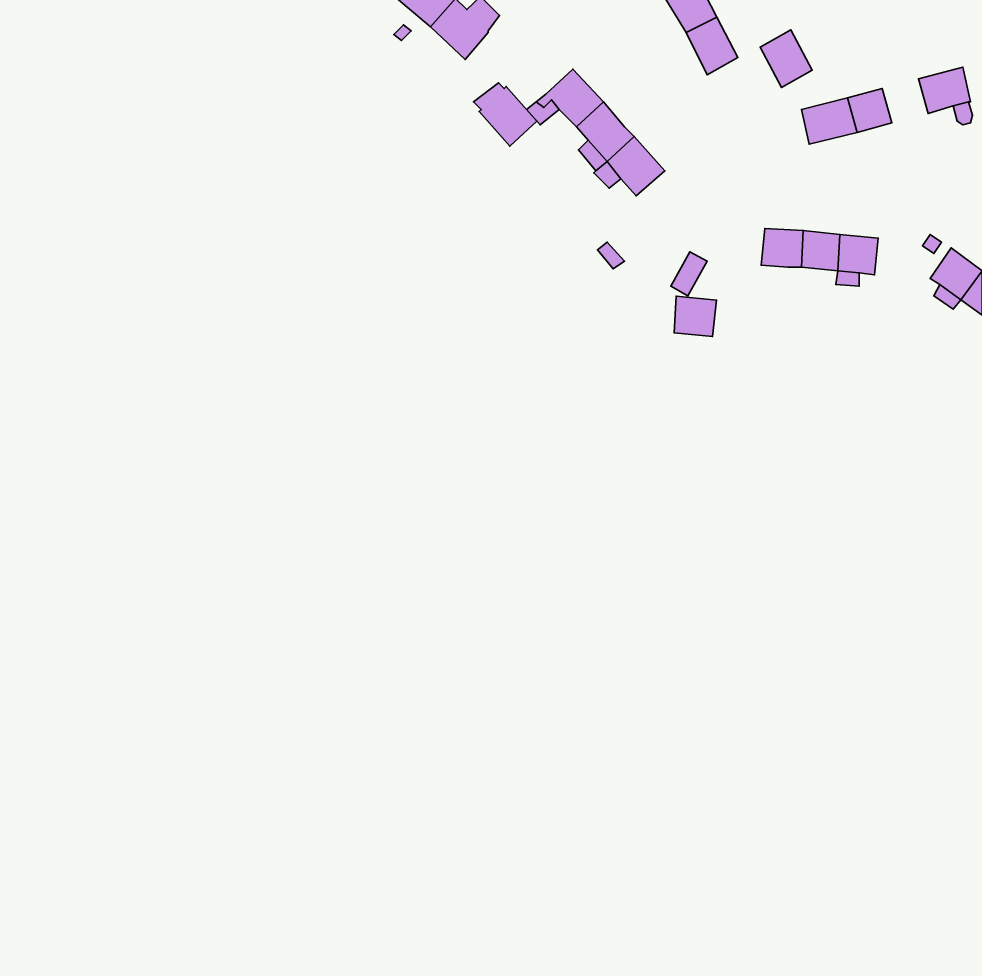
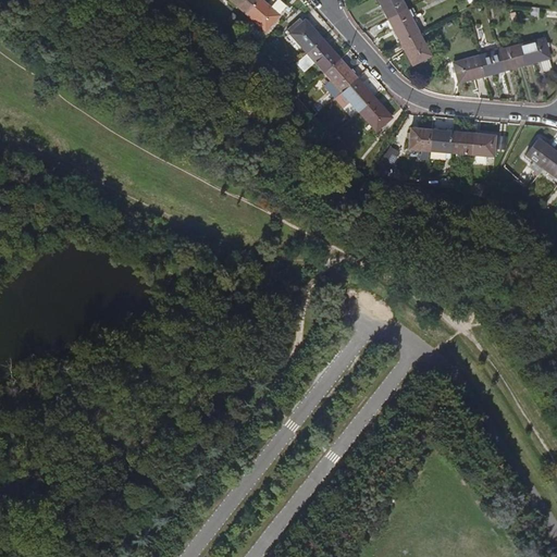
building: [760,30,812,87] -> [400,33,430,65]
building: none -> [499,45,525,70]
building: [473,83,537,146] -> [288,17,324,53]
building: none -> [360,97,393,129]
building: [674,296,716,337] -> [409,127,433,150]

